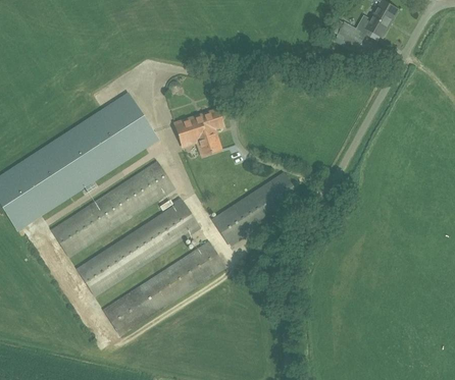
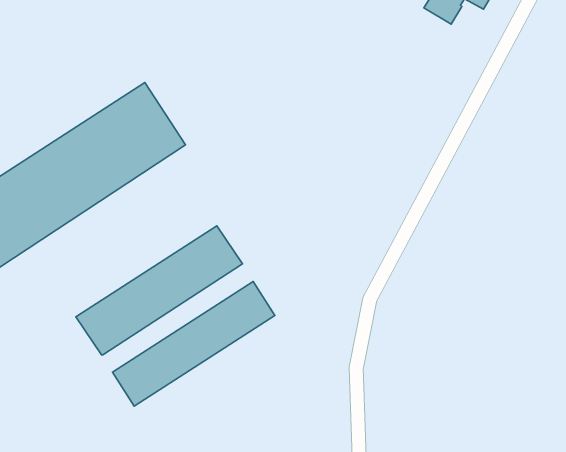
building: [174,109,223,155] -> none
building: [50,160,175,258] -> none
building: [212,172,302,246] -> none

